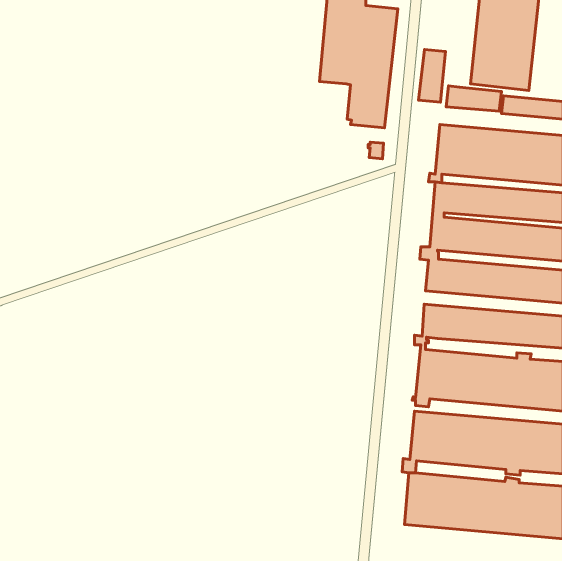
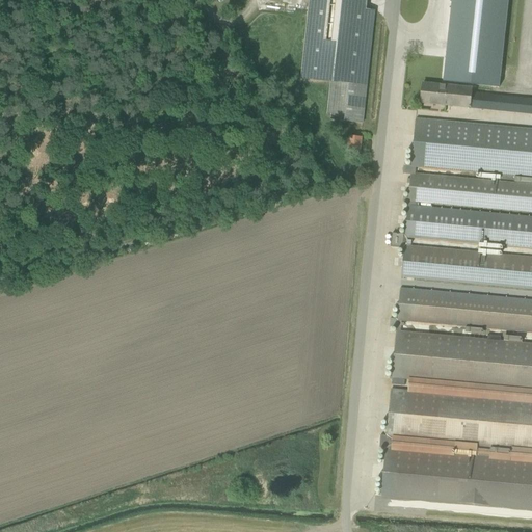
building: [419,50,445,102] -> none

